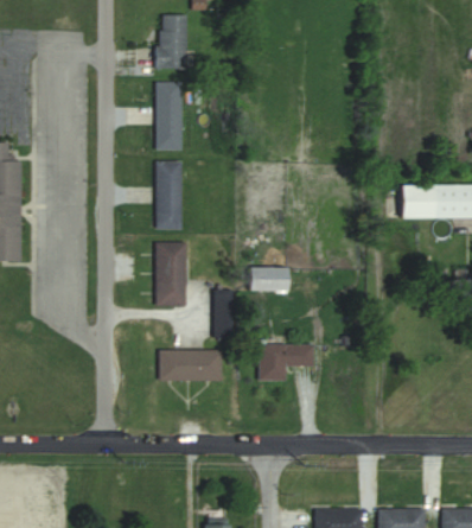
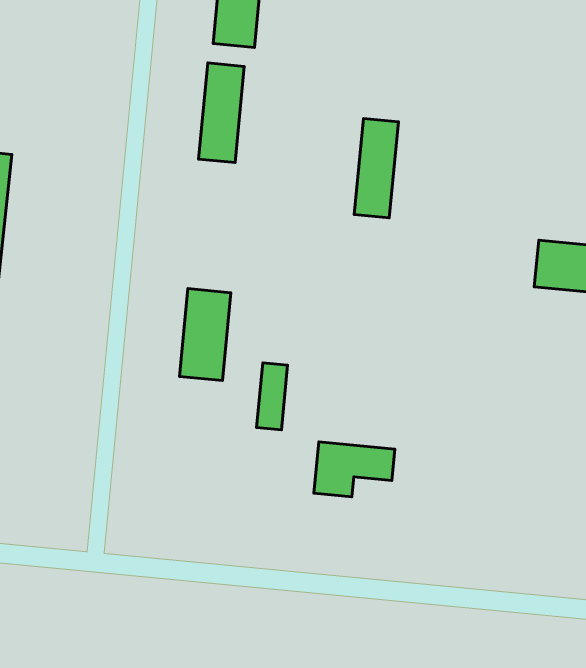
building: [155,161,180,230] -> [354,118,398,218]
building: [249,267,289,291] -> none
building: [158,350,222,380] -> none

